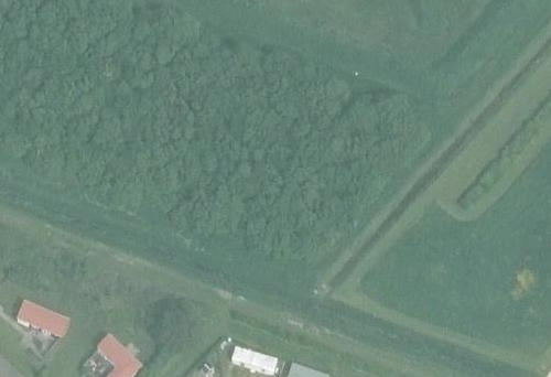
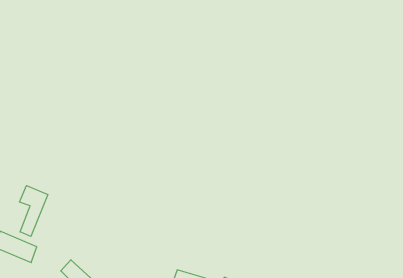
building: none -> [20,186,48,236]

